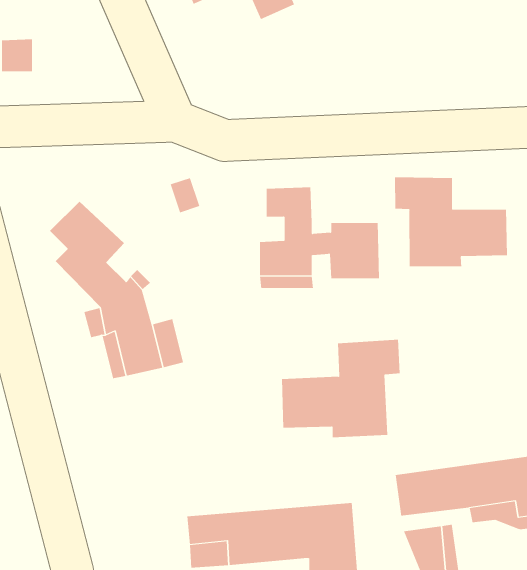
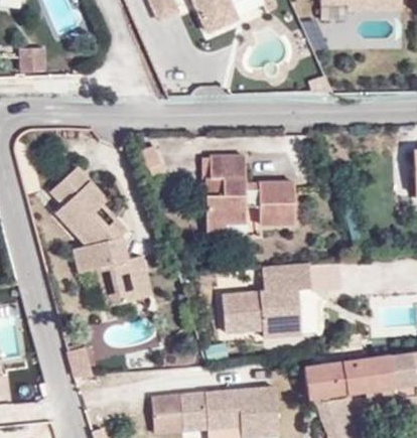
building: [394,177,508,267] -> none

